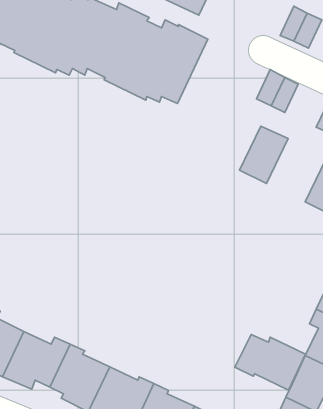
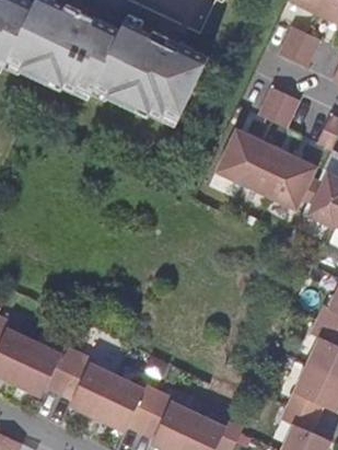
building: none -> [213,128,261,184]
building: none -> [267,153,315,210]
building: [235,334,306,390] -> none

